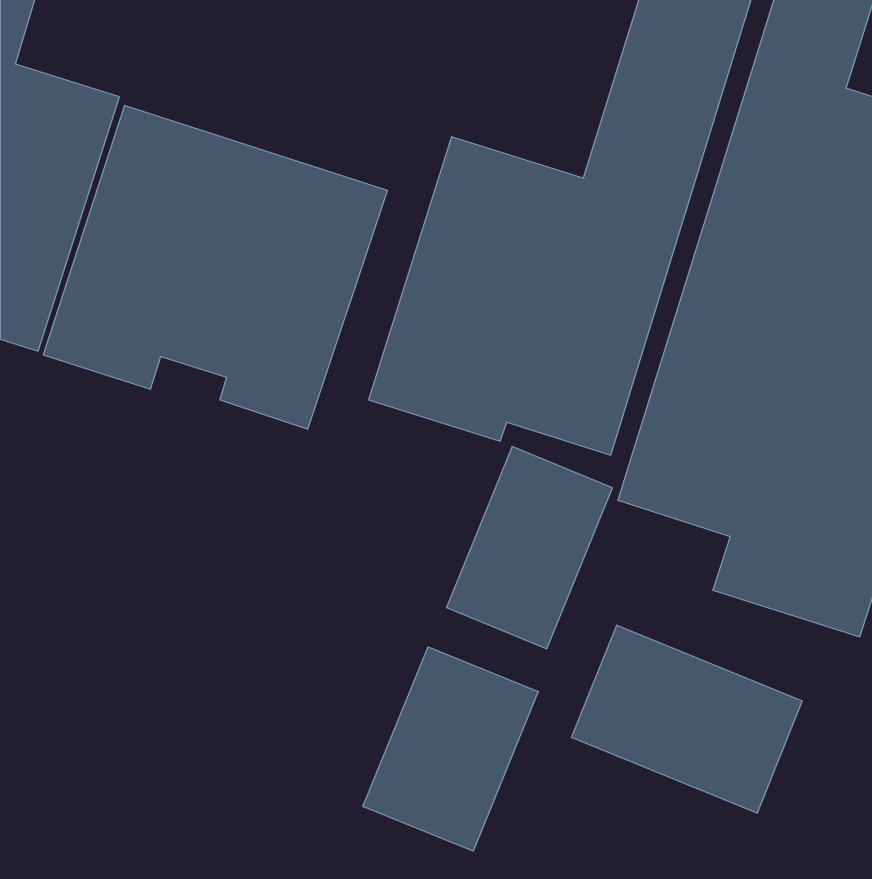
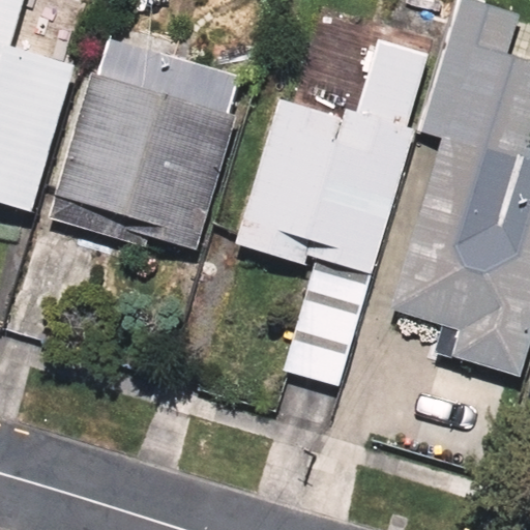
building: [572,625,802,813] -> none
building: [363,647,538,851] -> none

